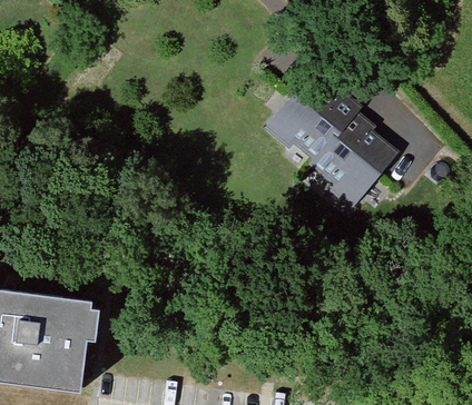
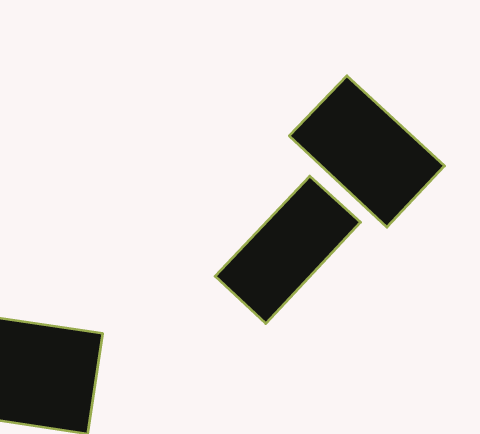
building: none -> [215,176,361,324]

